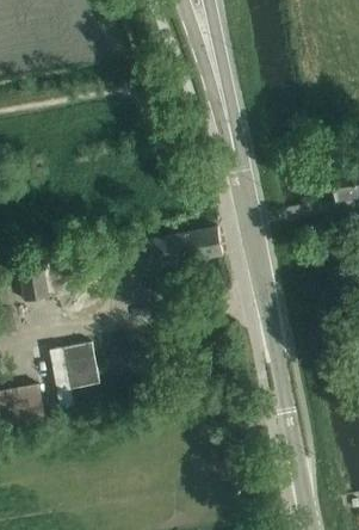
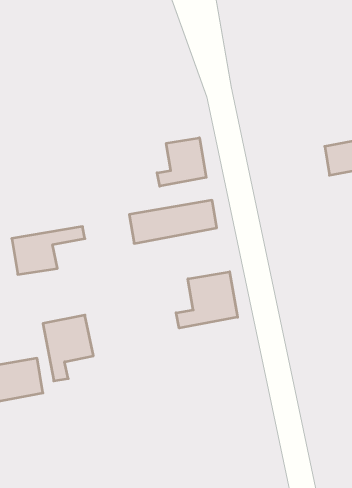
building: none -> [157,138,206,186]
building: none -> [176,272,238,328]

